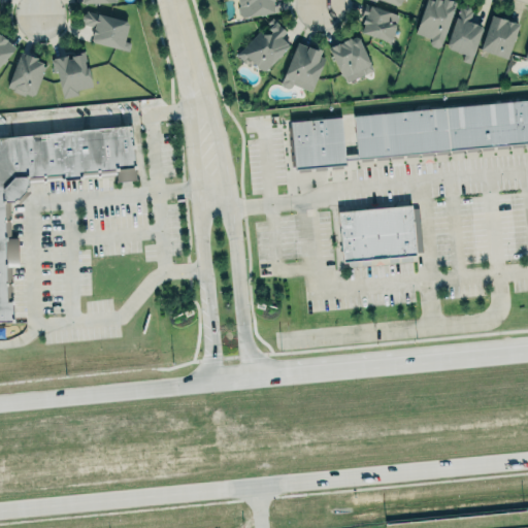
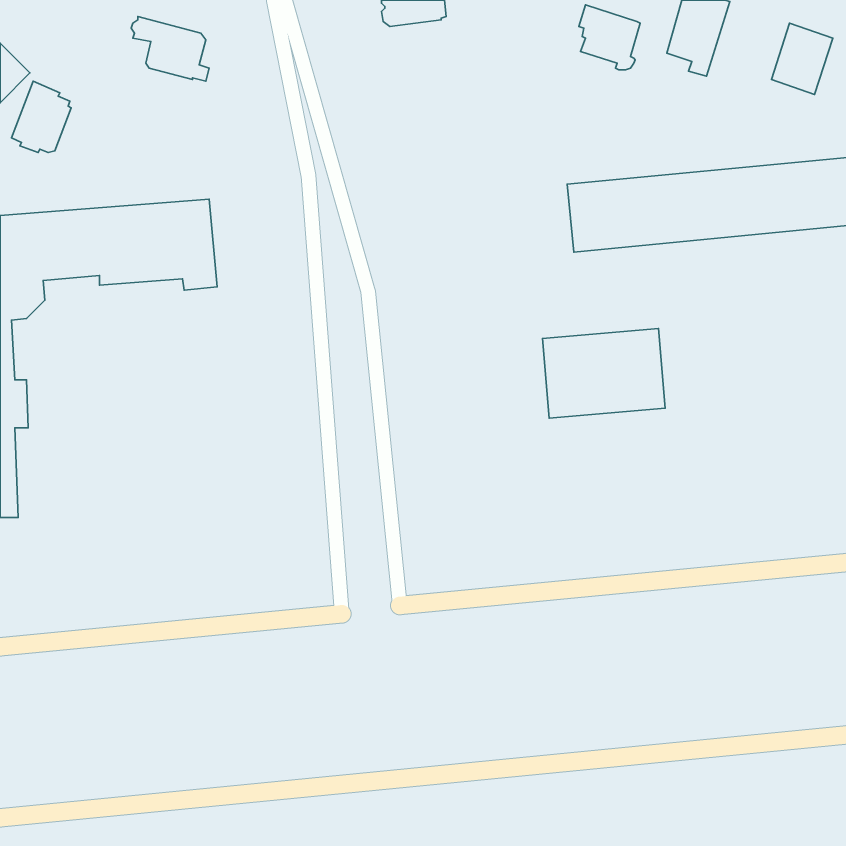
building: [447,6,483,64] -> none
building: [237,19,289,70] -> none
building: [330,37,373,82] -> none
building: [282,42,325,92] -> none
building: [52,53,93,98] -> none
building: [291,117,345,169] -> none

